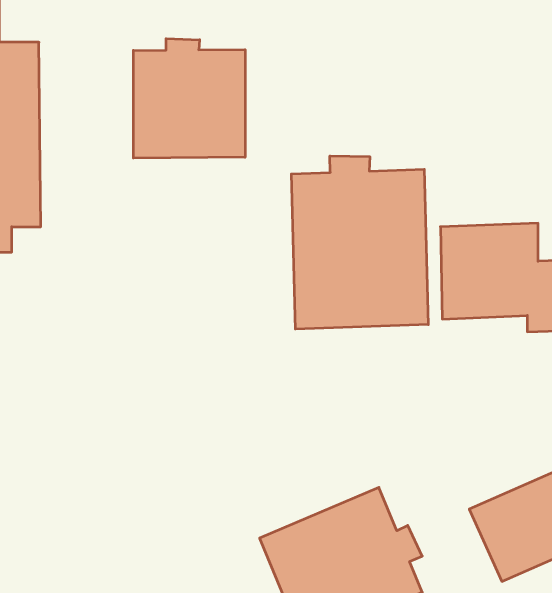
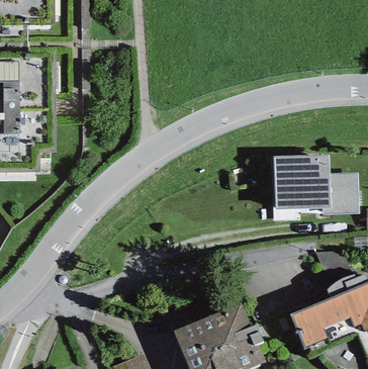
building: [133,39,245,158] -> none
building: [291,156,428,329] -> none

